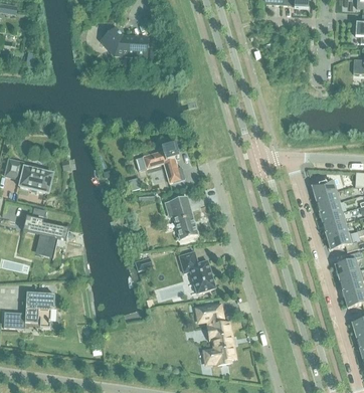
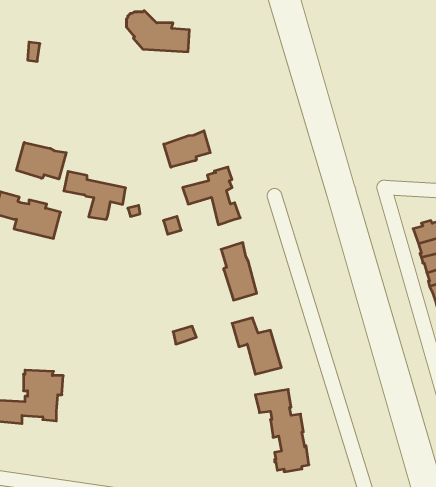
building: none -> [164,131,210,167]
building: none -> [17,142,66,179]
building: [22,215,67,250] -> [64,171,126,219]

